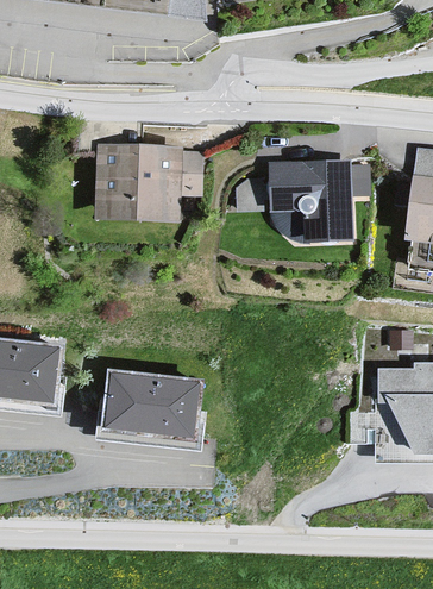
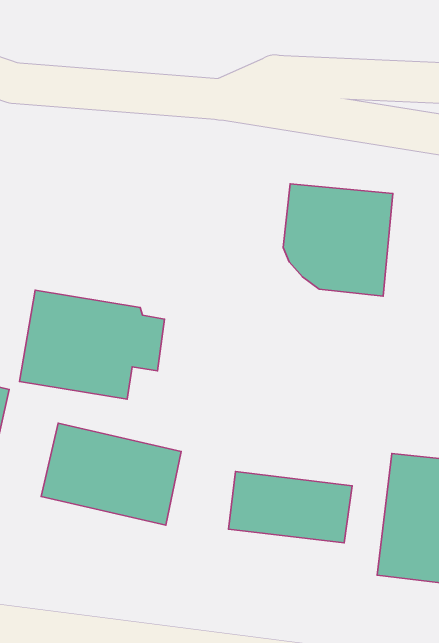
building: [93,142,202,220] -> [19,290,165,399]
building: none -> [229,472,352,543]

